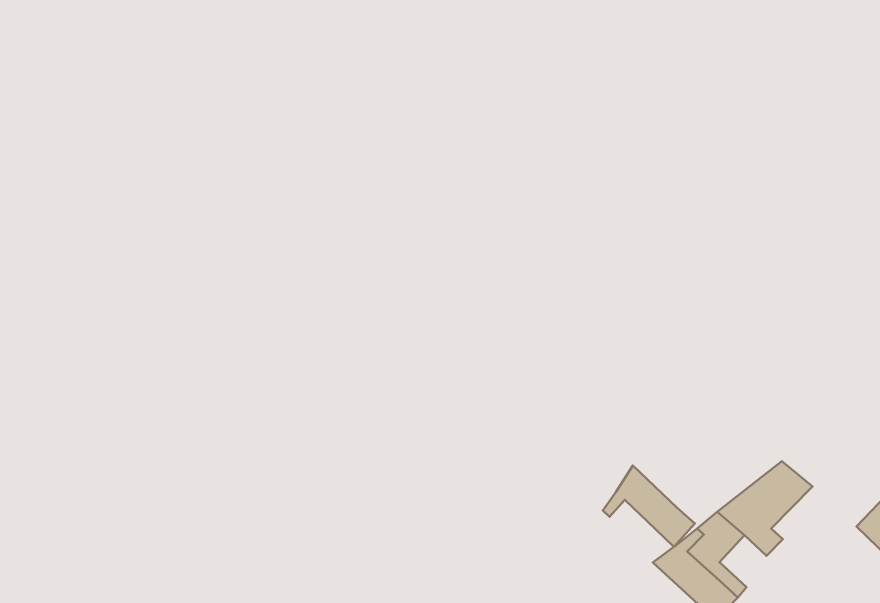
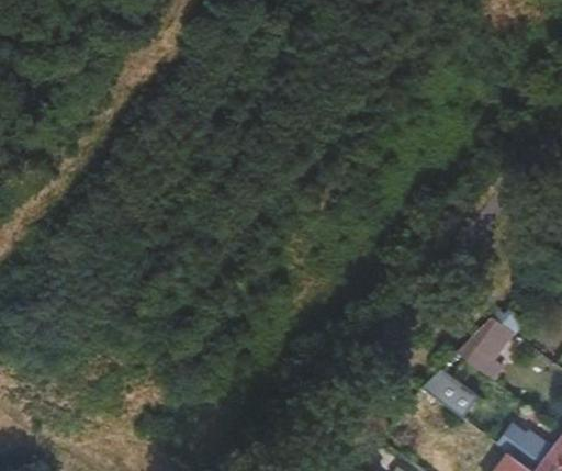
building: [603,466,695,547] -> none

